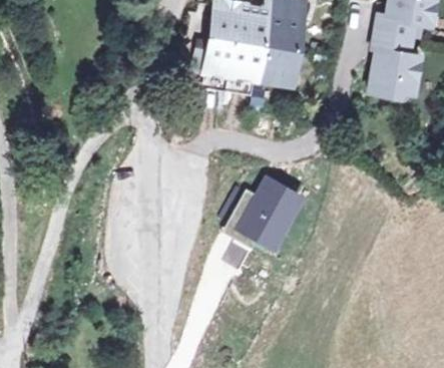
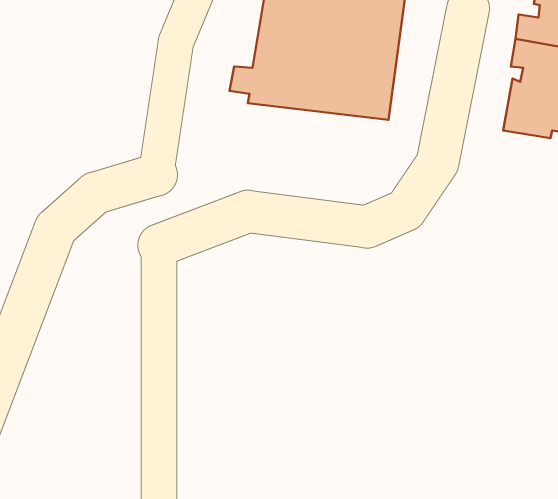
building: [210,178,301,259] -> none

